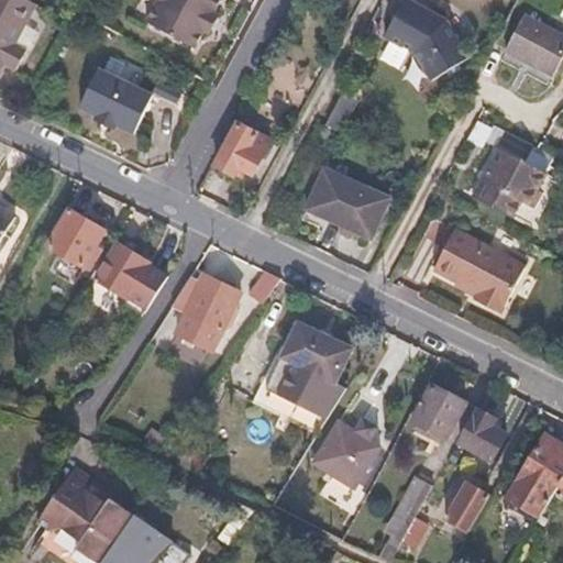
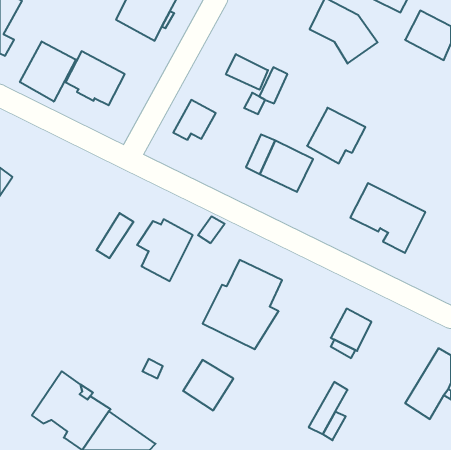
building: none -> [20,41,76,102]
building: none -> [226,54,268,90]
building: [472,146,544,216] -> [307,108,365,163]
building: [48,210,103,267] -> none
building: [91,244,148,311] -> none
building: [457,407,505,459] -> none
building: [314,422,377,485] -> [183,360,233,410]
building: [448,483,488,530] -> none

